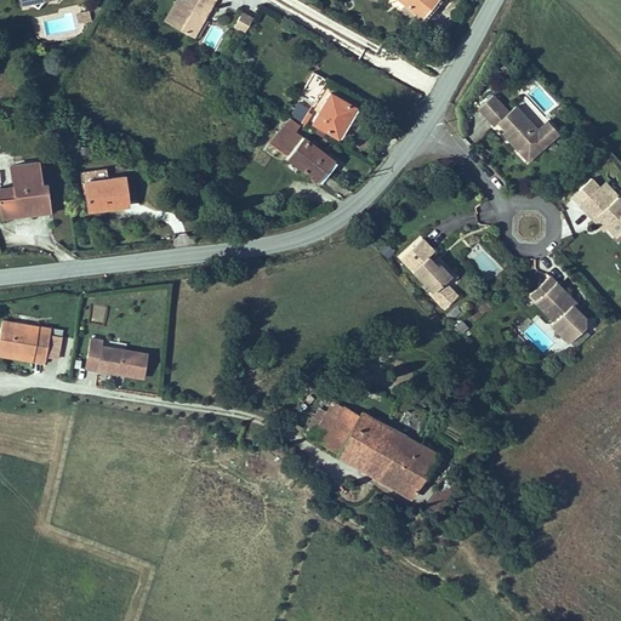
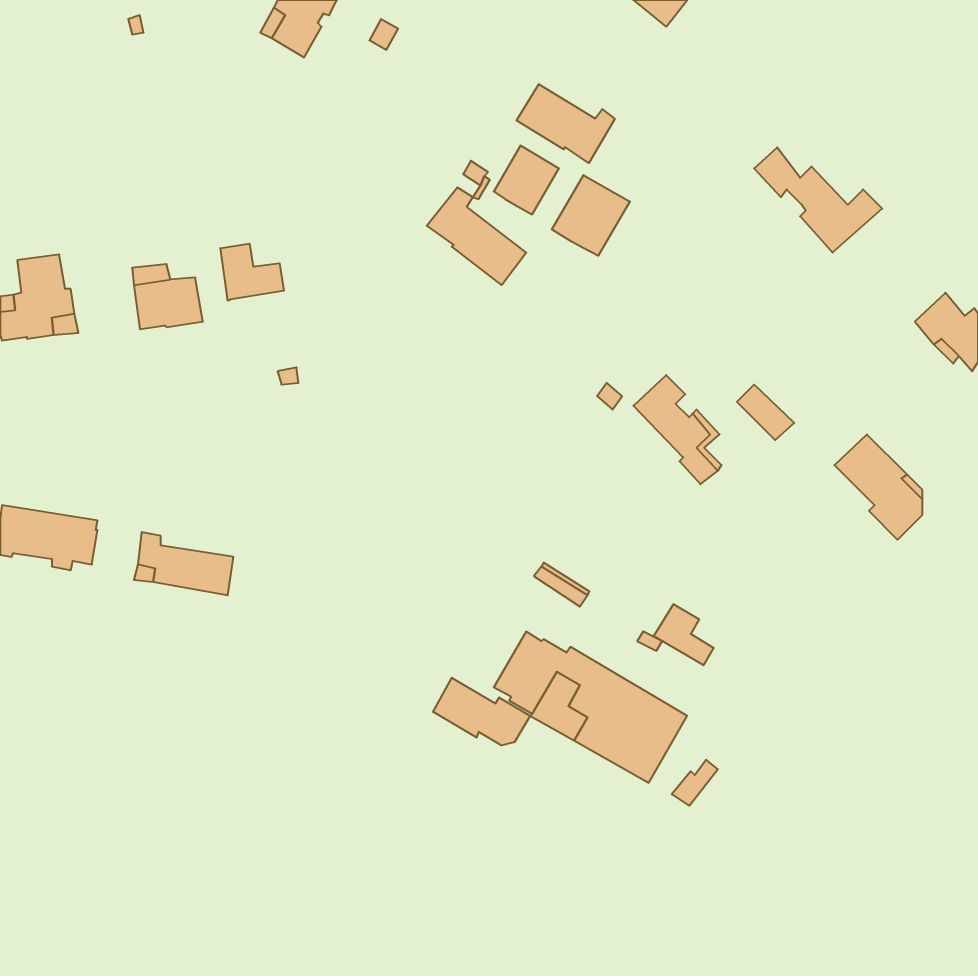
building: none -> [517,84,615,163]
building: none -> [552,175,630,256]
building: none -> [220,244,284,301]
building: none -> [653,604,714,665]
building: none -> [433,678,530,745]

